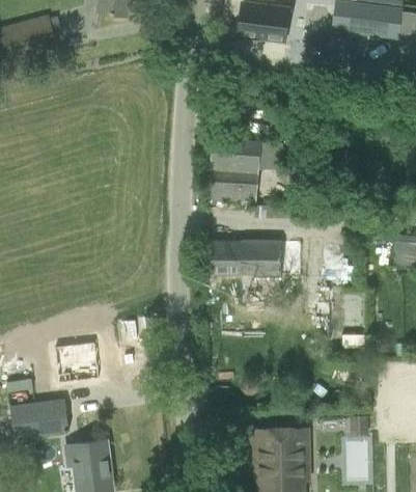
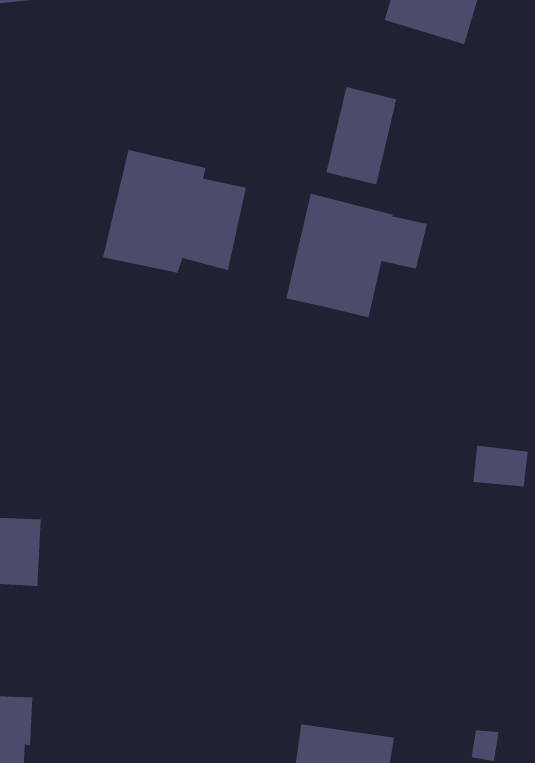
building: none -> [326,86,397,185]
building: none -> [103,149,247,274]
building: [204,241,300,274] -> none

